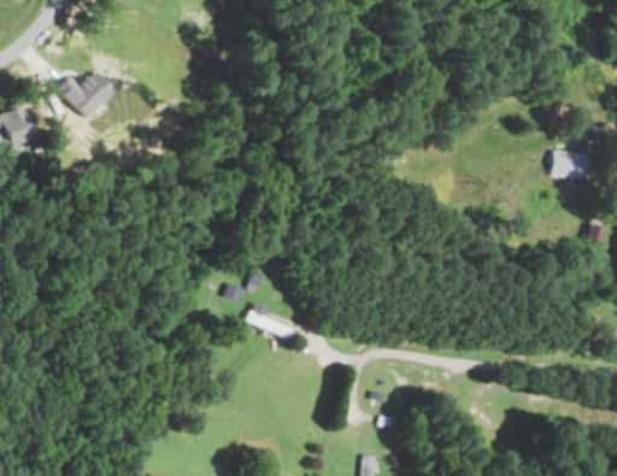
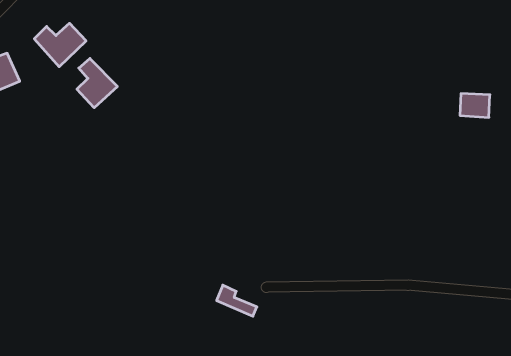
building: none -> [77,58,117,108]
building: [247,301,294,337] -> [217,285,257,316]

